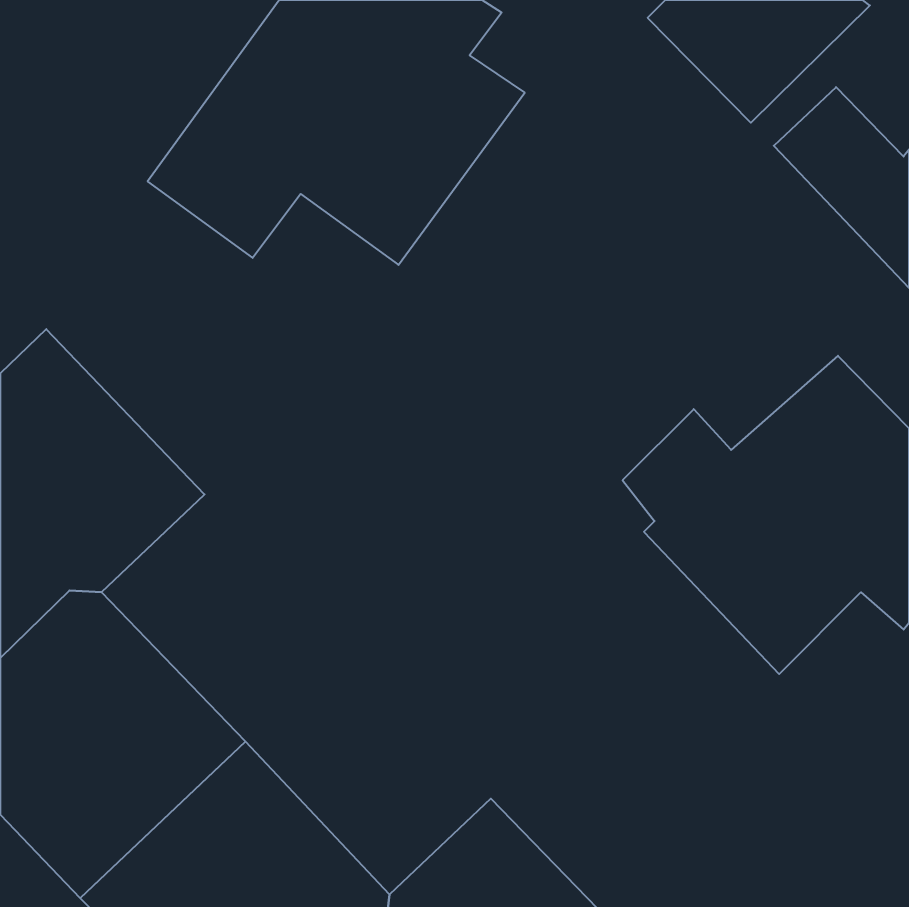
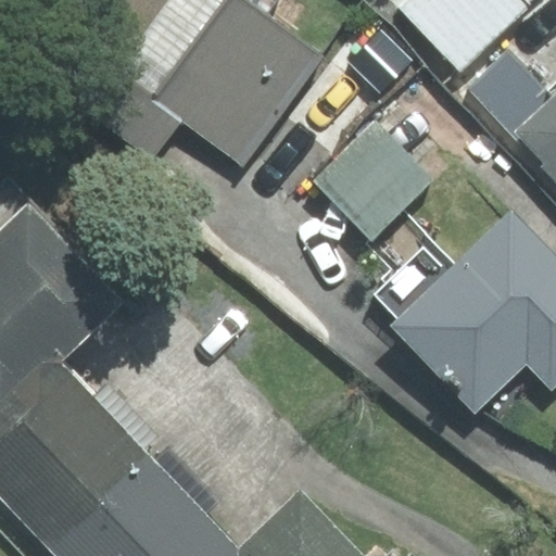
building: none -> [314,123,432,240]

